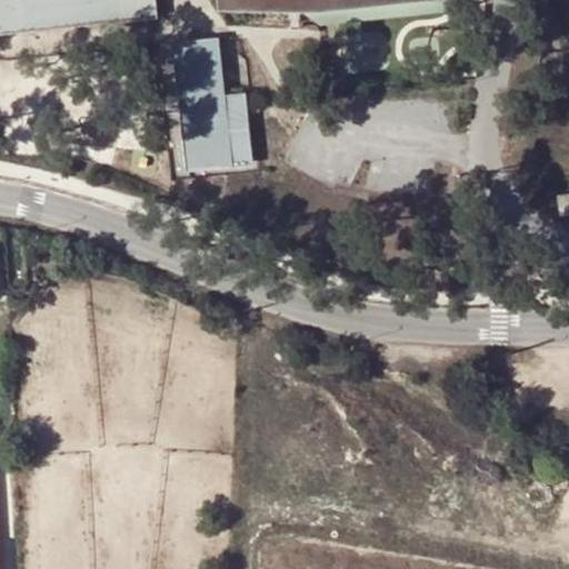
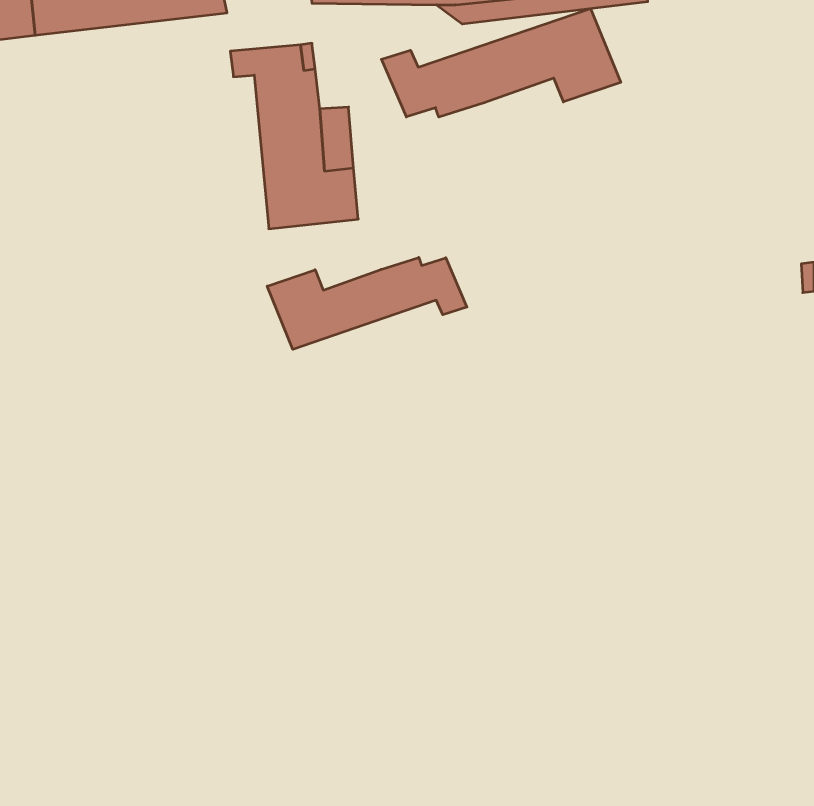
building: none -> [381,9,621,117]
building: none -> [267,257,467,349]

